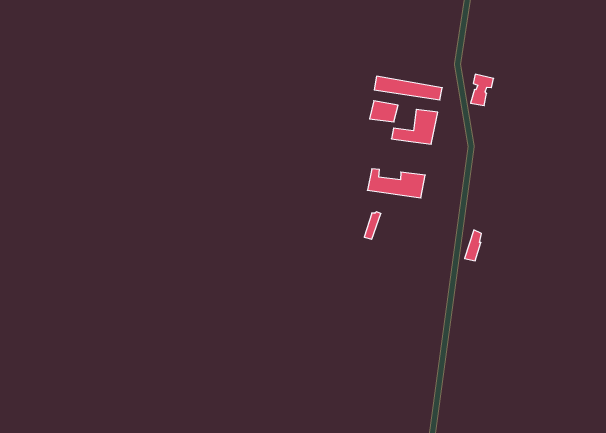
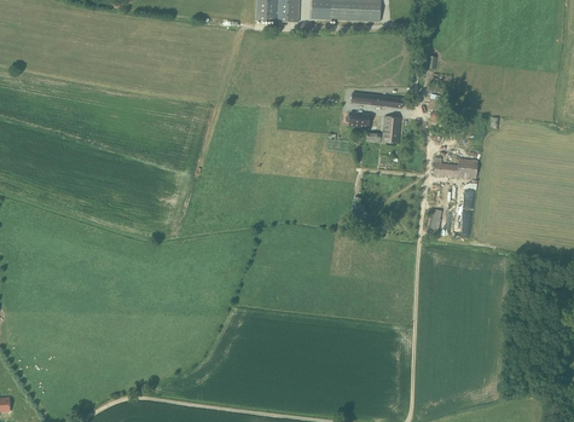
building: [367,169,425,198] -> [434,156,479,177]

